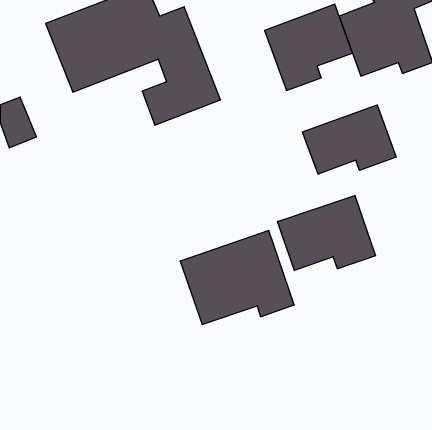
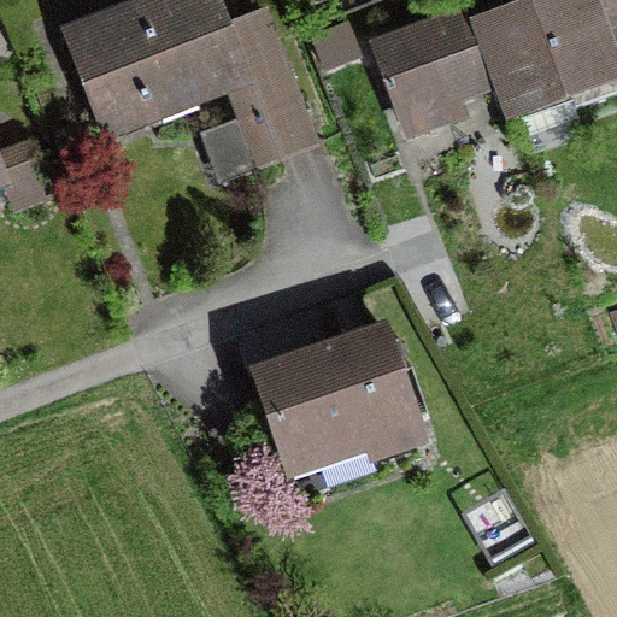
building: [302,105,396,174] -> none
building: [277,195,376,271] -> none

